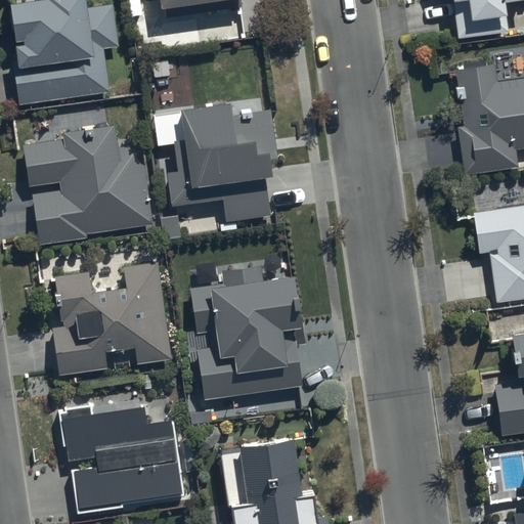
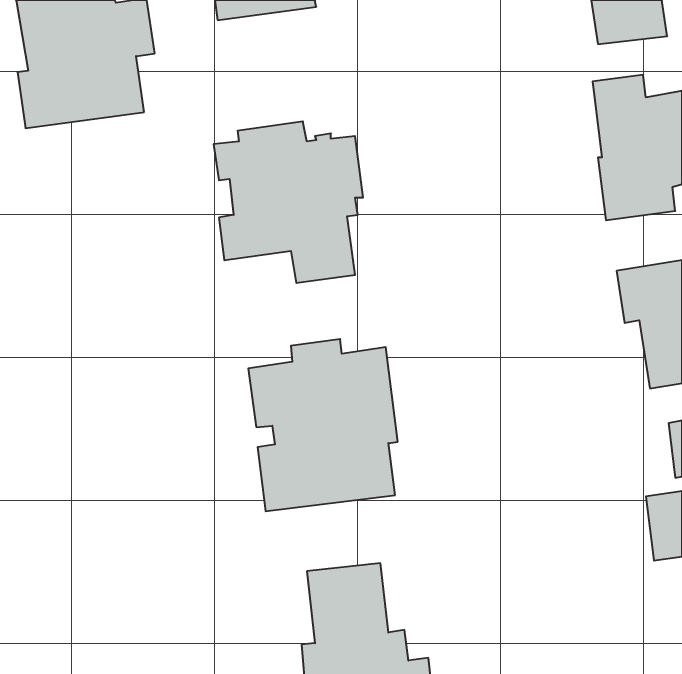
building: [25,124,152,246] -> none
building: [53,262,172,376] -> none
building: [57,405,184,514] -> none

